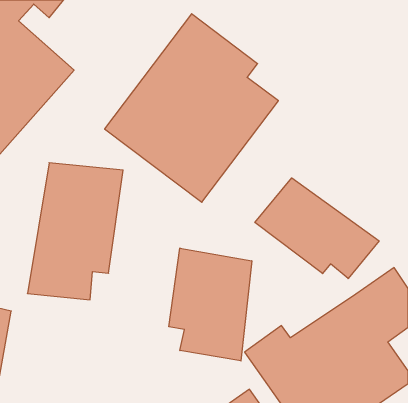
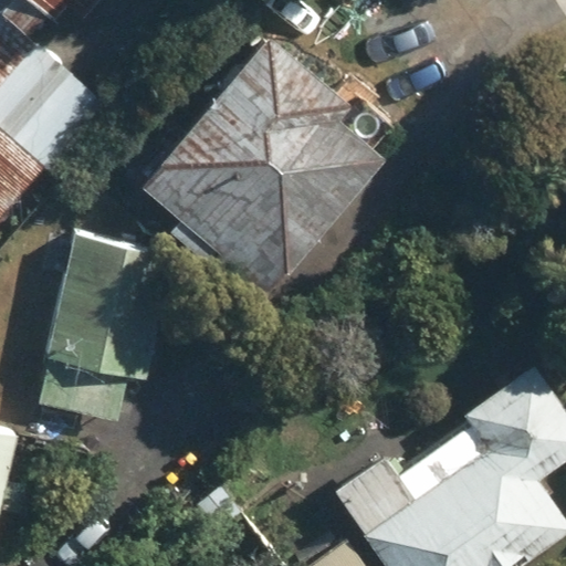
building: [255,178,379,279] -> none
building: [169,248,252,361] -> none

